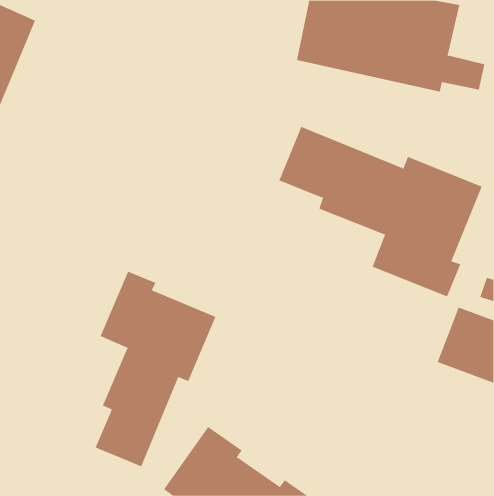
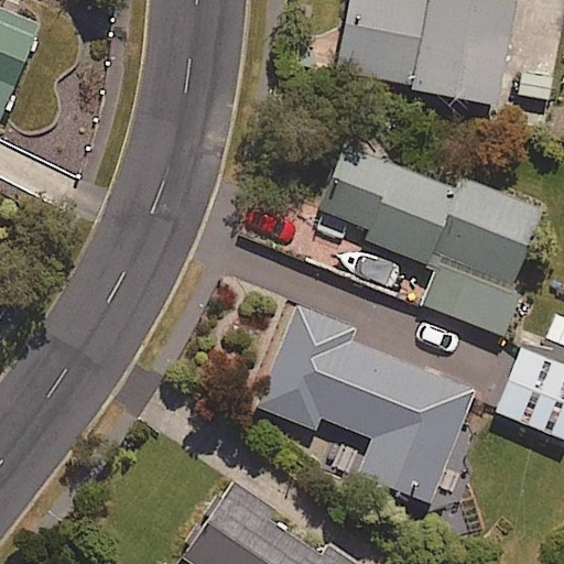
building: none -> [250,306,477,508]
building: [95,271,216,467] -> none

